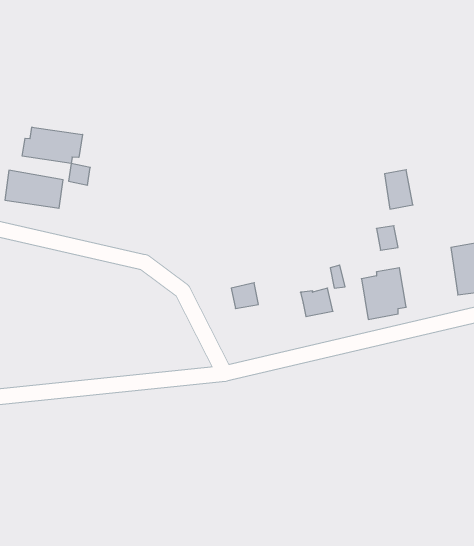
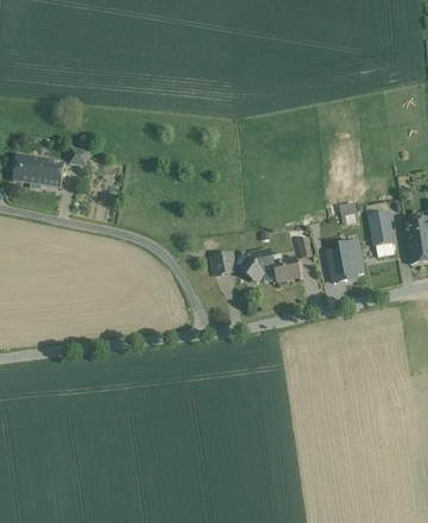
building: [22,127,83,163] -> none
building: [385,170,413,209] -> [369,209,394,244]
building: none -> [239,248,275,281]

